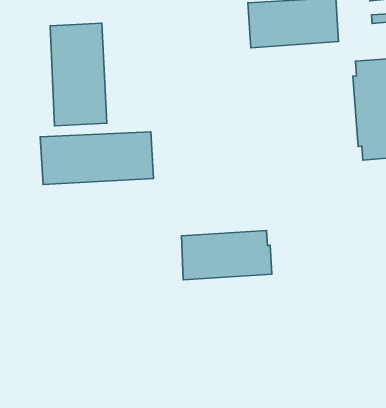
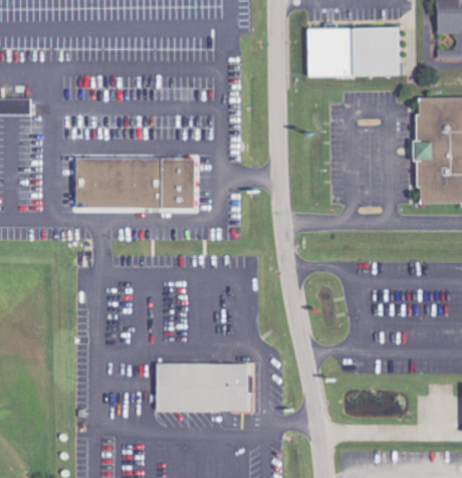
building: [50,23,107,126] -> none
building: [181,230,272,280] -> [157,364,252,411]

